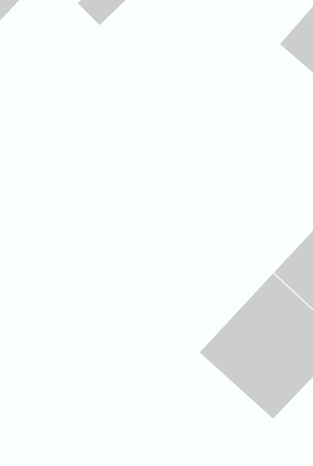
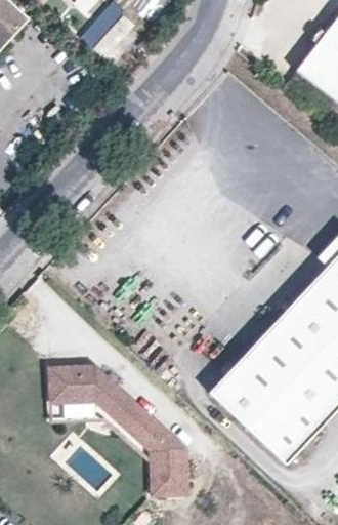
building: none -> [48,360,188,492]

